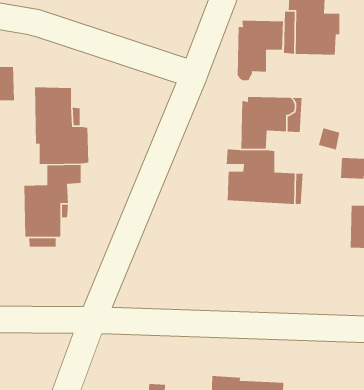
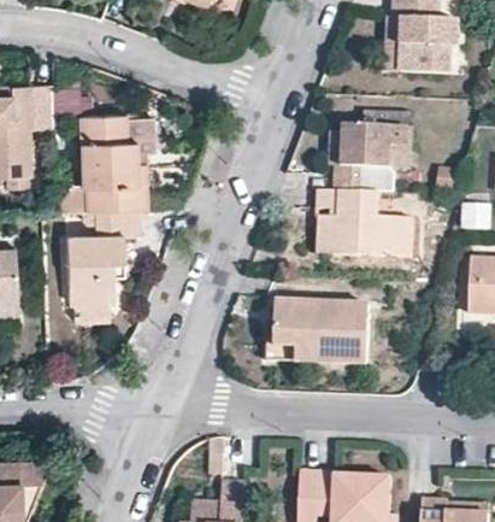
building: [237,20,284,81] -> none
building: none -> [267,303,370,366]

